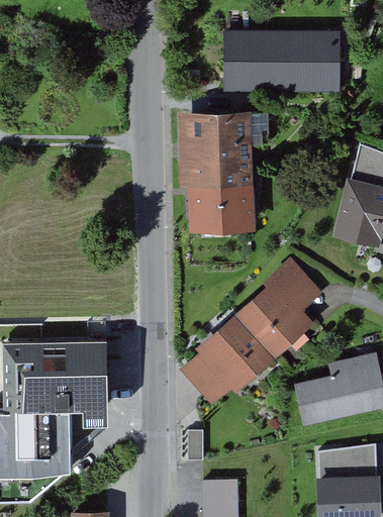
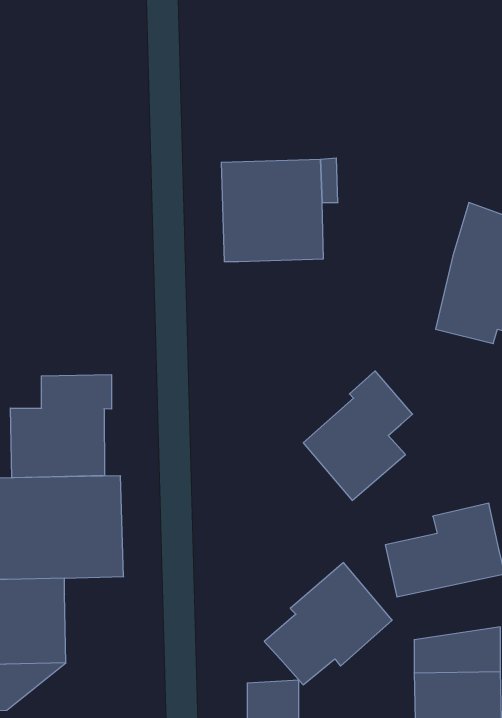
building: [225,33,338,88] -> none
building: [195,185,256,230] -> none
building: none -> [10,375,112,478]
building: [185,314,275,400] -> [264,563,392,685]

